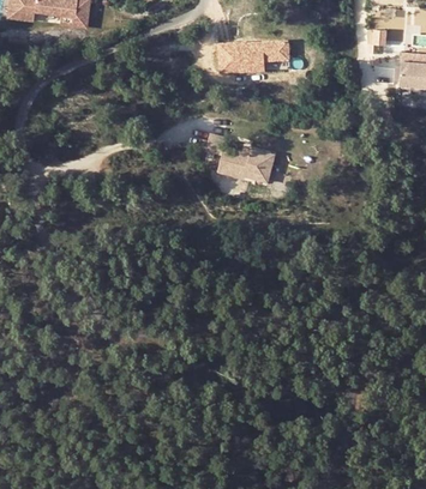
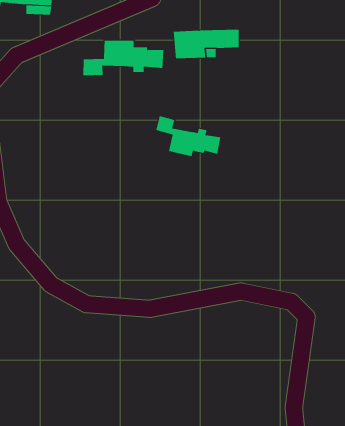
building: none -> [83,40,164,76]

